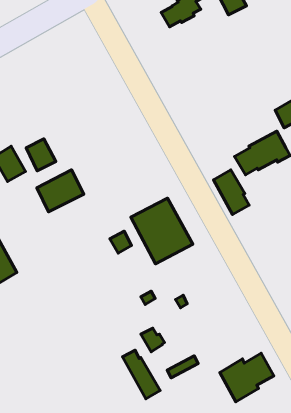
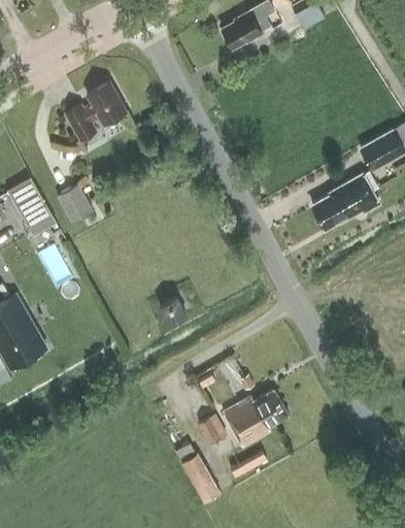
building: none -> [63,82,126,141]
building: [214,170,249,215] -> none
building: [37,170,84,212] -> none
building: [131,198,193,264] -> none
building: [220,353,274,402] -> [223,389,289,449]

